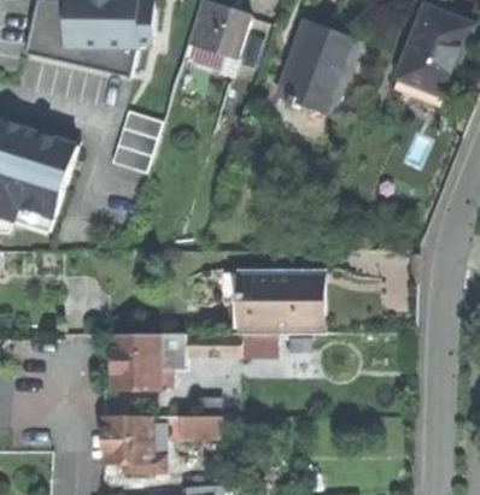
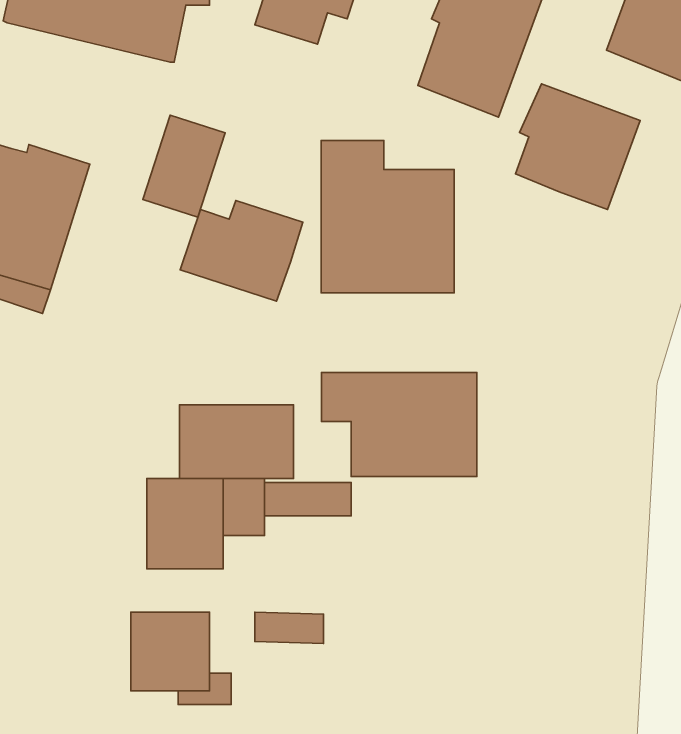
building: none -> [515,84,640,210]
building: none -> [321,140,454,293]
building: none -> [180,200,303,301]
building: none -> [180,405,294,479]

